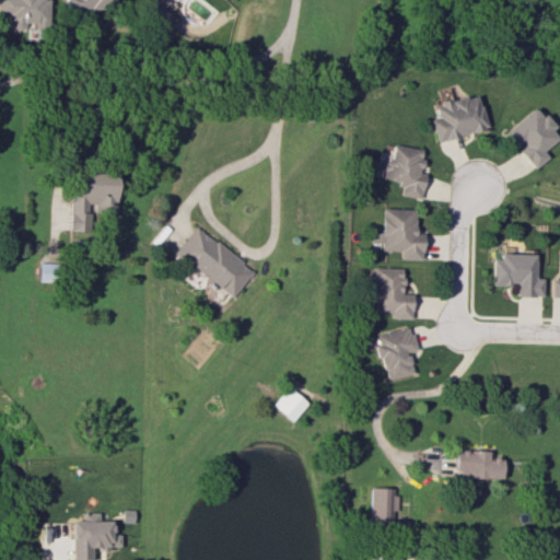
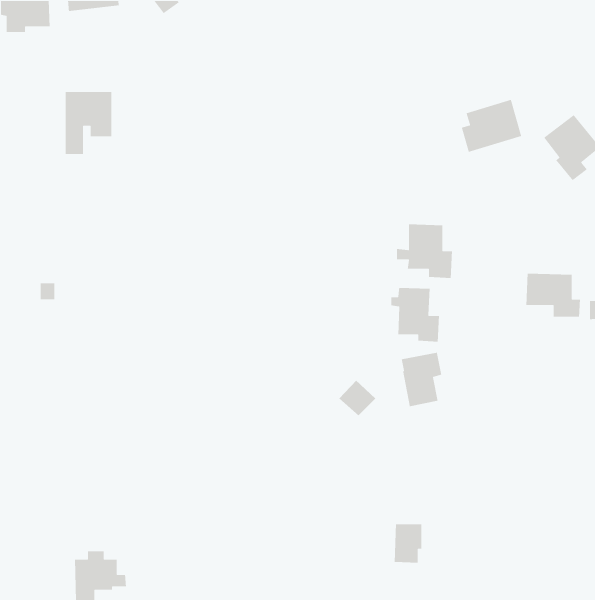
building: [386,145,429,199] -> none
building: [75,173,119,232] -> [65,91,112,155]
building: [178,226,258,298] -> none
building: [276,387,311,421] -> [339,380,376,416]
building: [456,451,505,479] -> none

